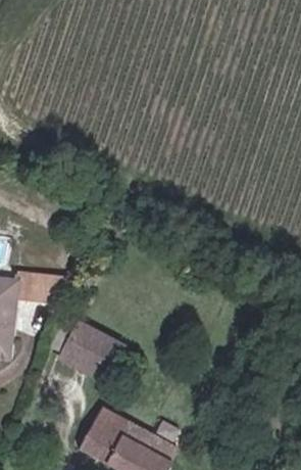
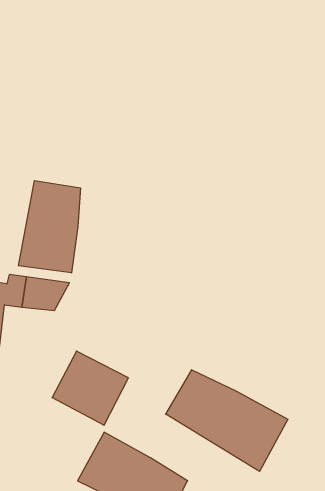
building: none -> [18,181,80,273]
building: none -> [166,370,288,471]

